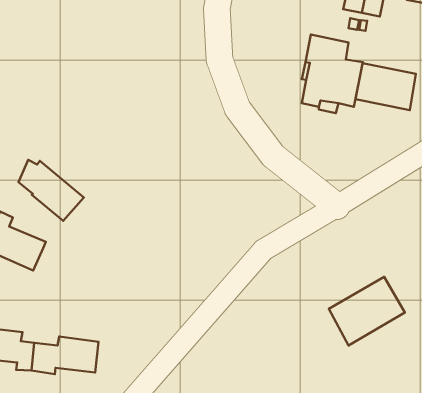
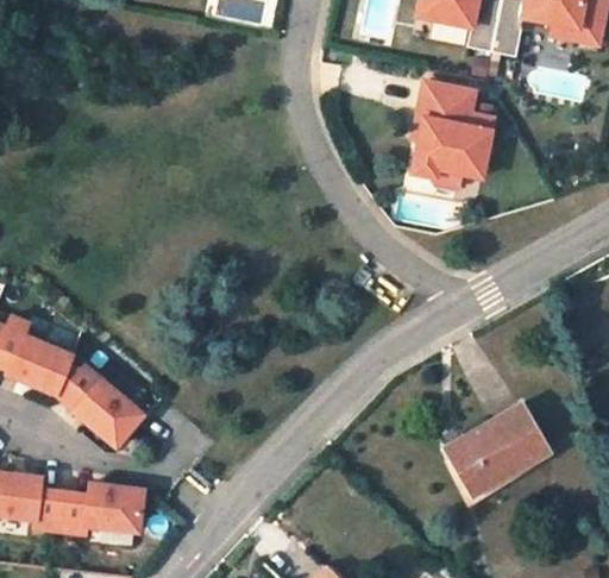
building: [355,63,416,110] -> none
building: [18,160,84,221] -> [56,365,143,446]

